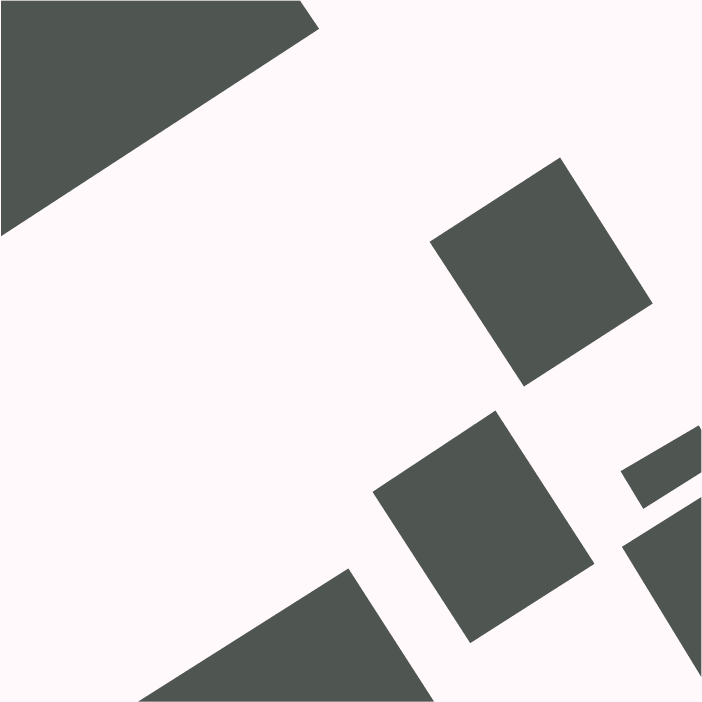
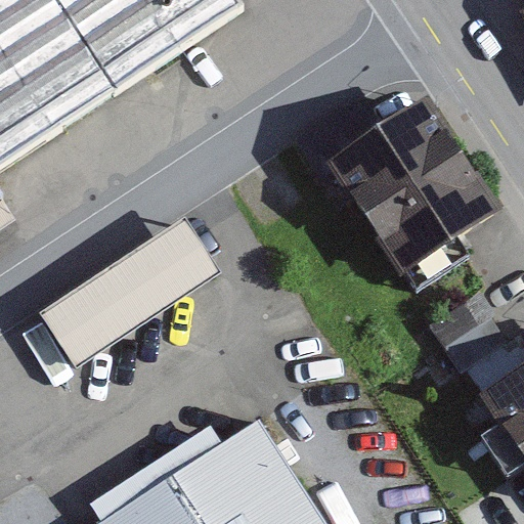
building: none -> [46,207,228,349]
building: [371,410,595,644] -> none

